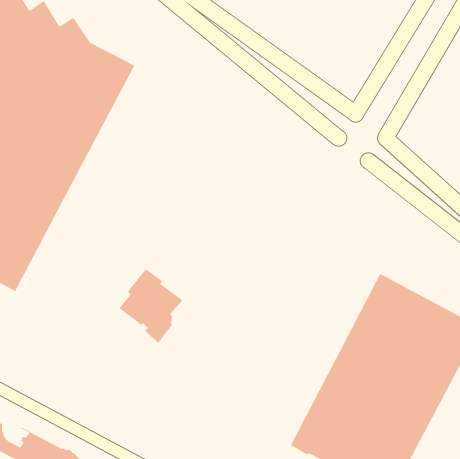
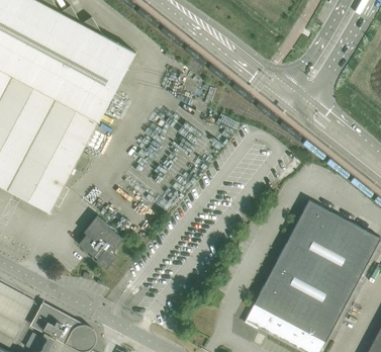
building: [119,268,183,344] -> [78,216,123,270]

